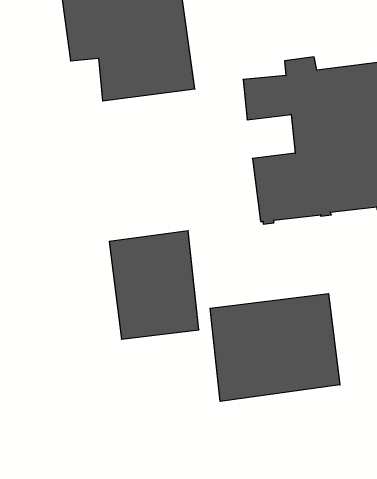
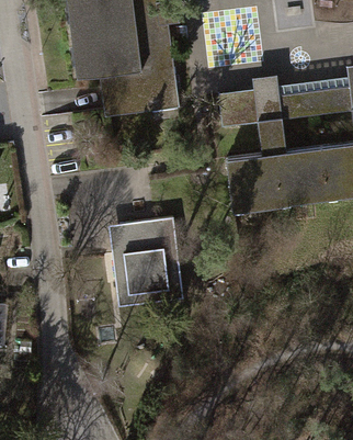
building: [210,294,340,401] -> none

